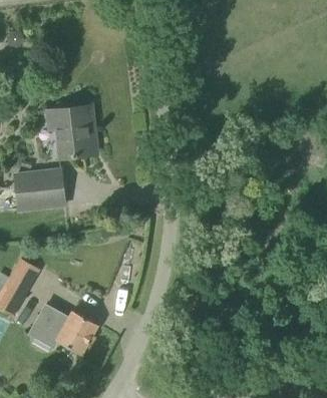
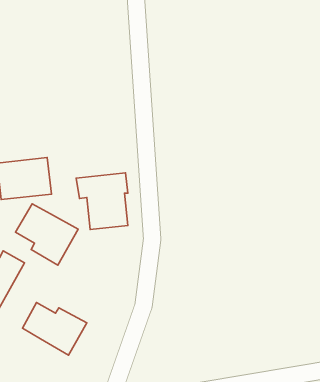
building: [46,105,94,158] -> [76,173,128,230]
building: none -> [16,204,78,265]

